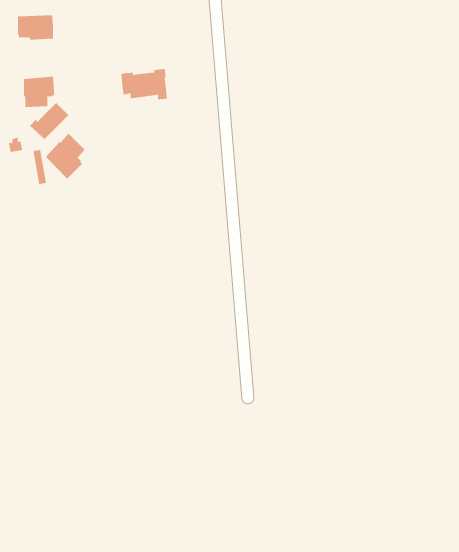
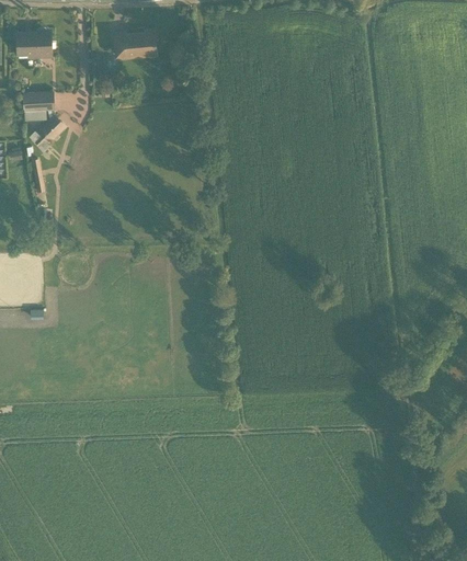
building: [120,68,168,100] -> [114,30,158,59]
building: [45,133,86,179] -> none

